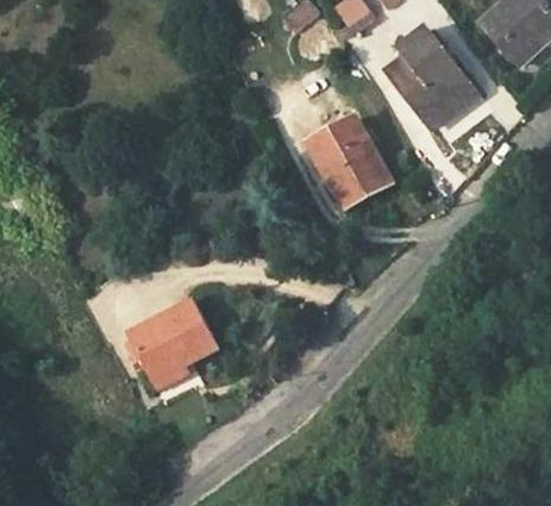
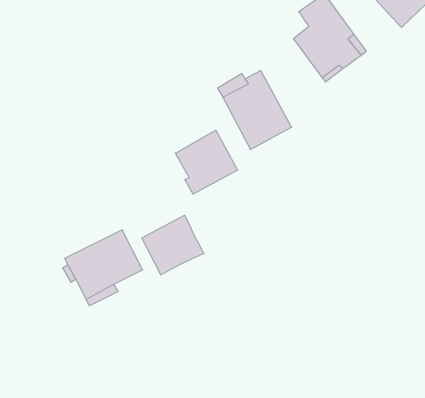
building: none -> [175,130,237,194]
building: none -> [142,215,204,275]

